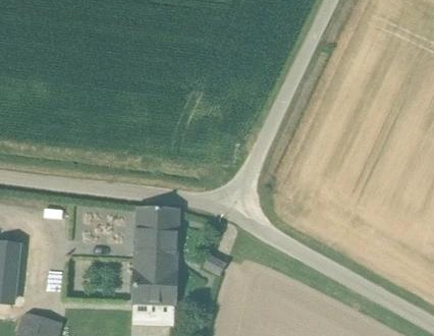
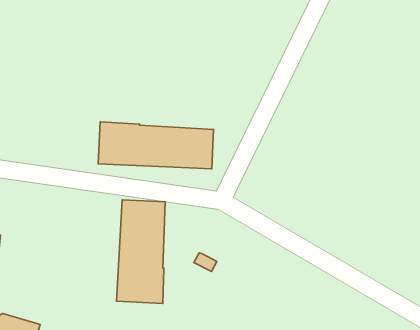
building: none -> [98,122,213,169]

